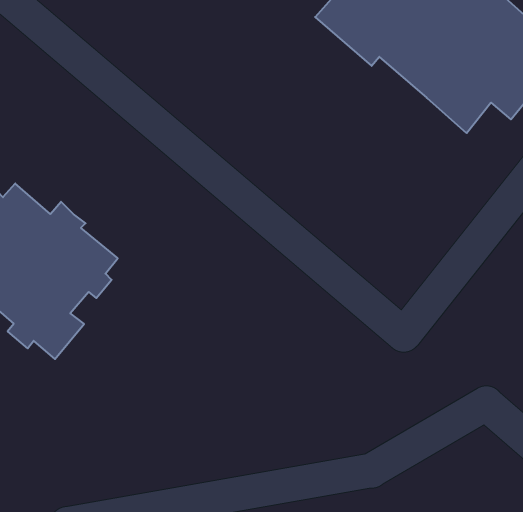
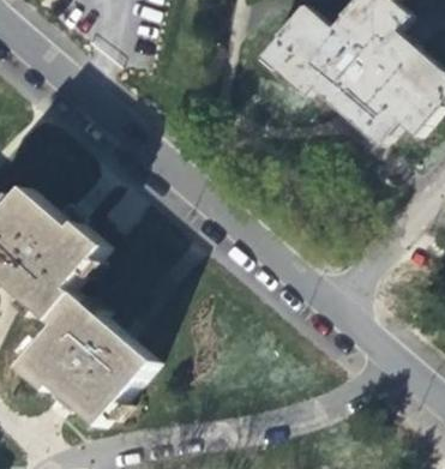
building: none -> [18,296,151,425]

